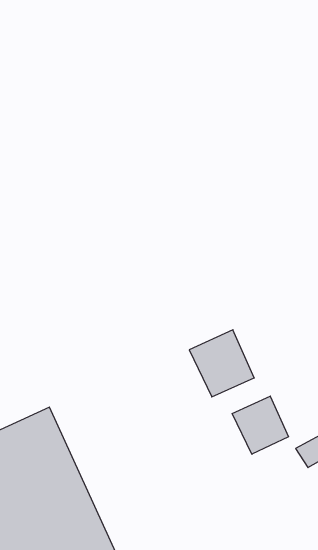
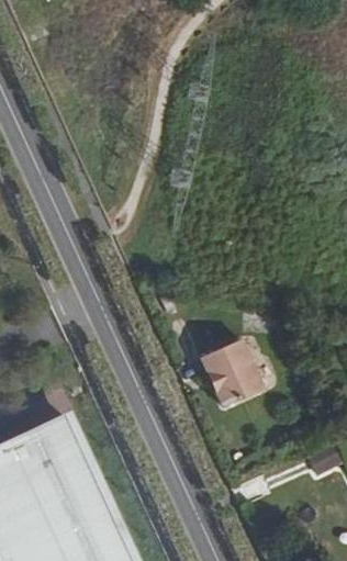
building: [232,396,288,454] -> none

